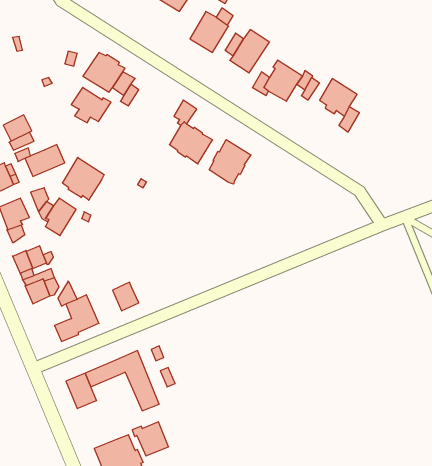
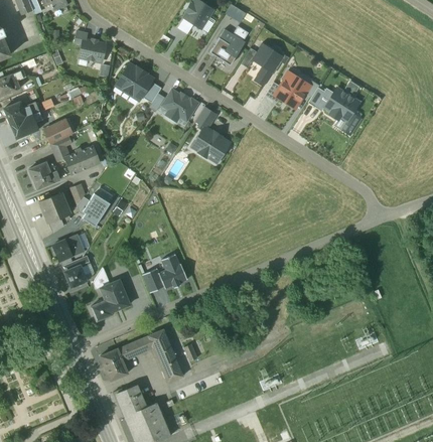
building: none -> [80,39,106,61]
building: [71,87,111,123] -> [163,90,198,121]
building: [209,140,251,184] -> none
building: [63,157,104,200] -> none
building: none -> [159,254,188,288]
building: [132,422,169,456] -> [114,385,146,415]

